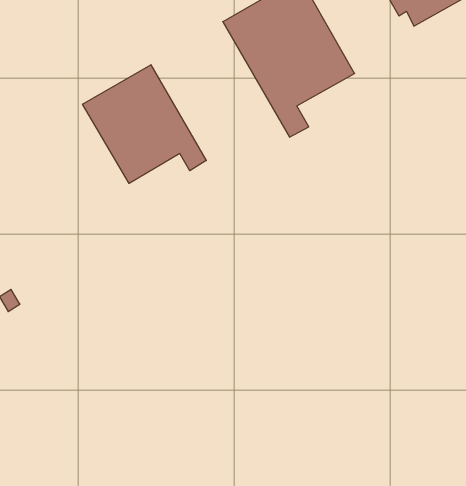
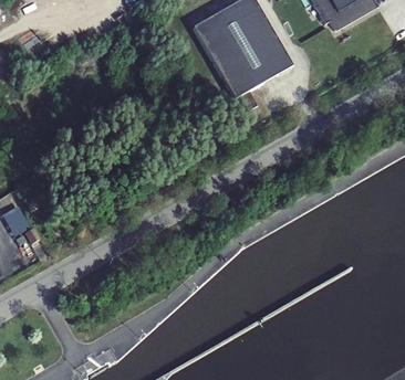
building: [83,65,206,183] -> none

